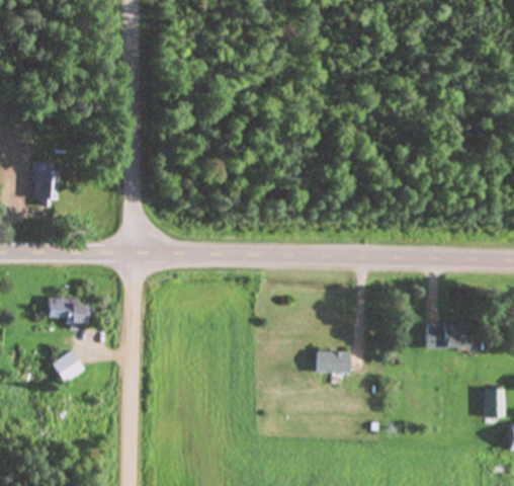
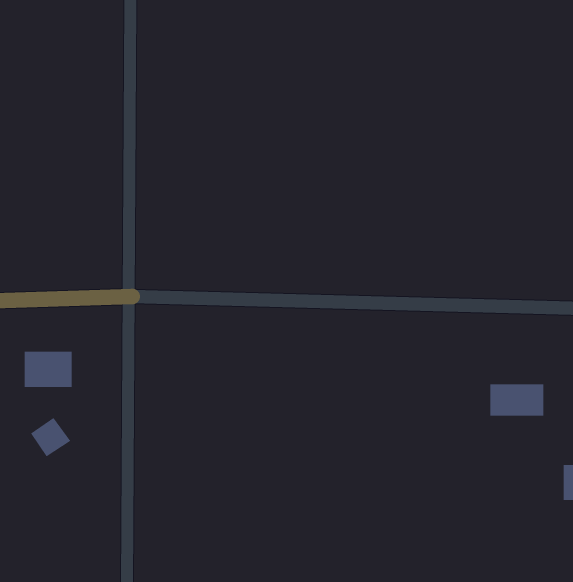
building: [33,163,59,202] -> none
building: [317,351,349,373] -> none

